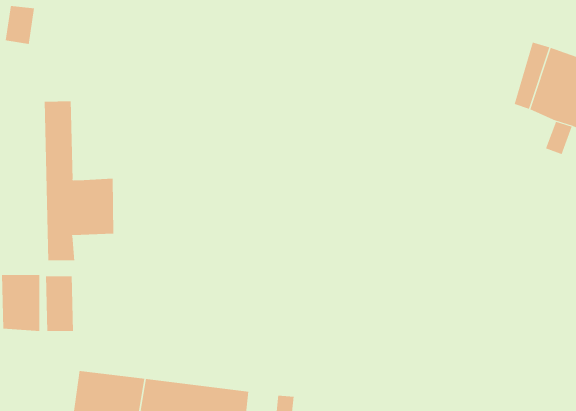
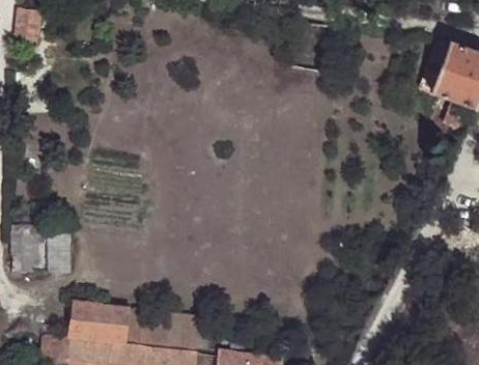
building: [44,100,114,261] -> none

